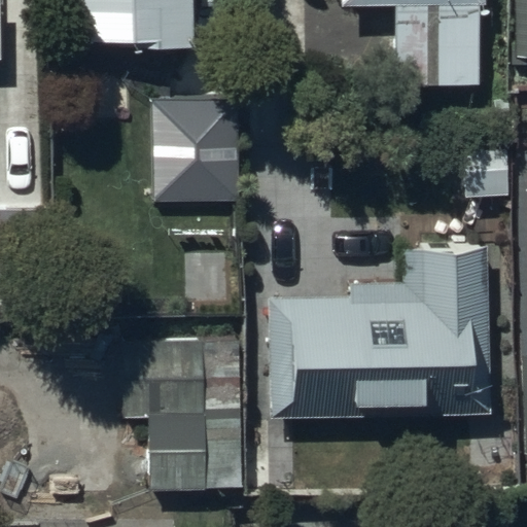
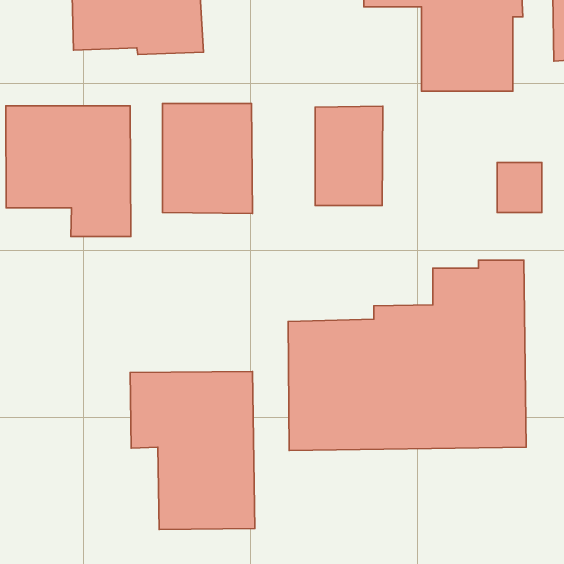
building: none -> [6,106,131,236]
building: none -> [315,106,383,205]

